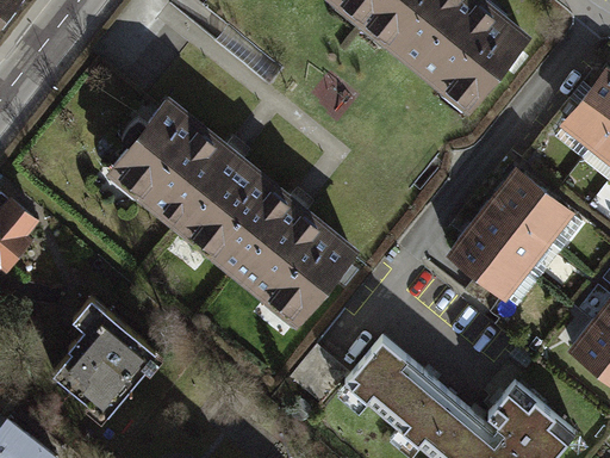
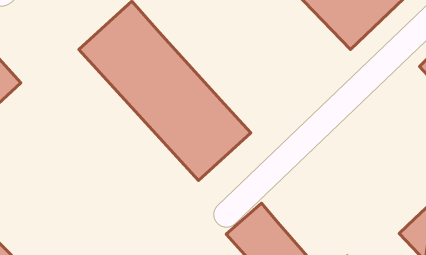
building: [444,169,577,308] -> none
building: [52,296,161,415] -> none

